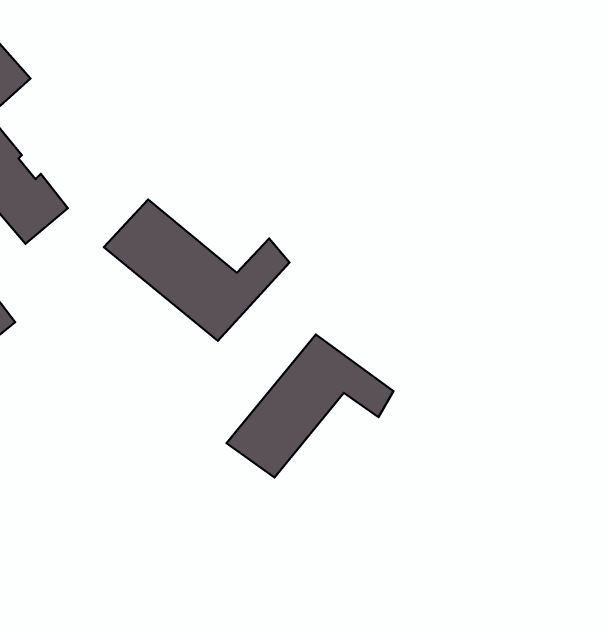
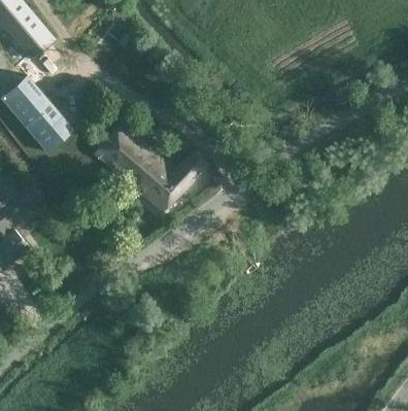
building: [226,334,394,478] -> none

